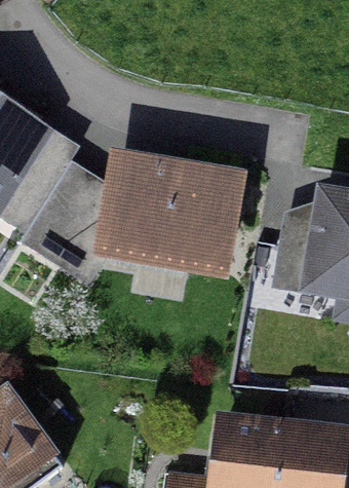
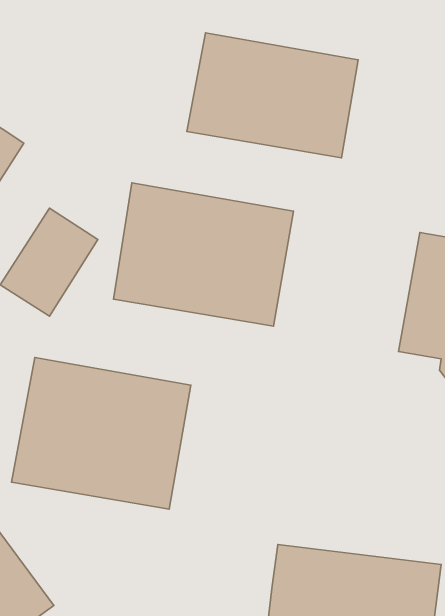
building: none -> [187,33,358,158]
building: none -> [11,357,191,509]

